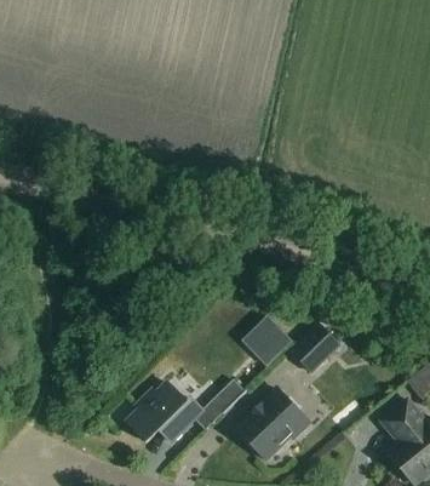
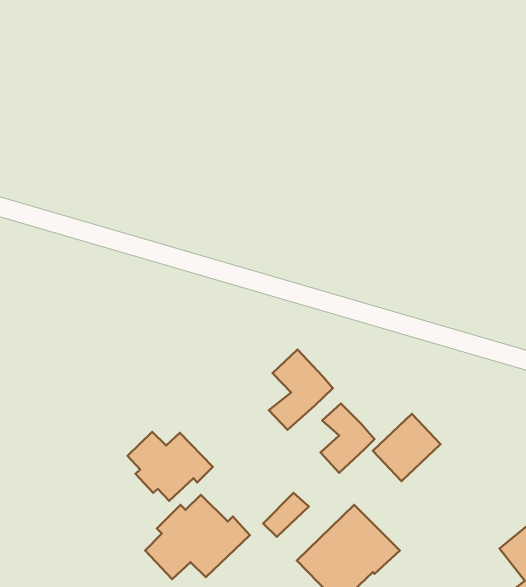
building: none -> [269,349,333,430]
building: none -> [128,432,213,501]

